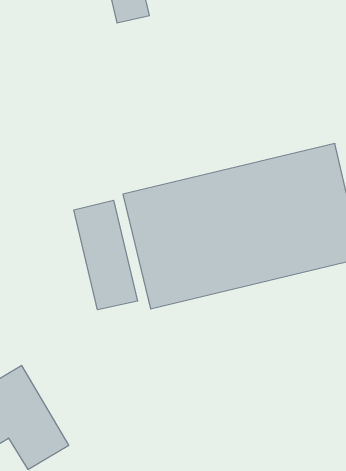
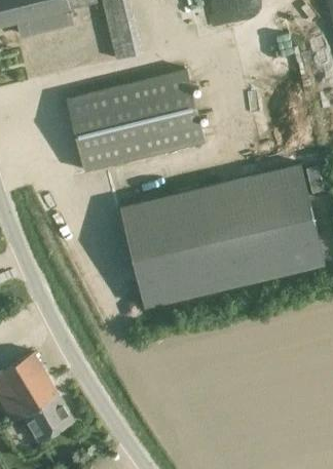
building: none -> [66,70,205,171]
building: [74,200,138,310] -> none

